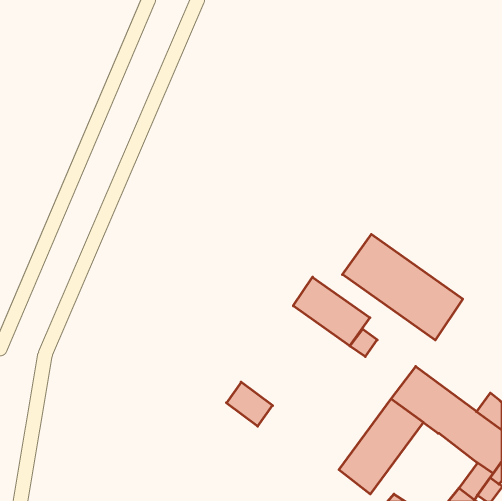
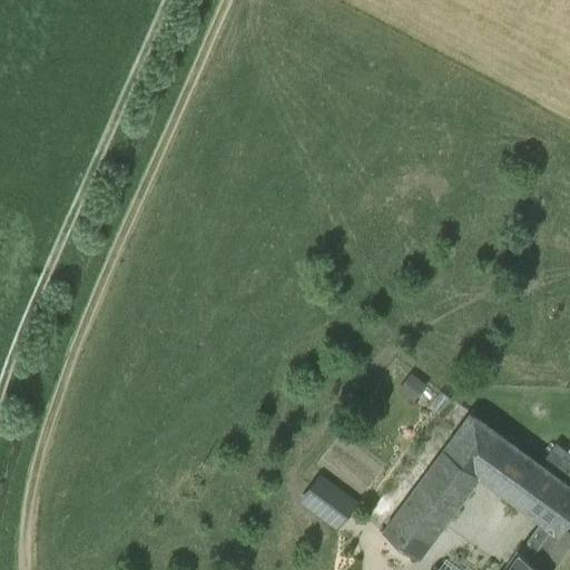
building: [342,234,463,340] -> none
building: [293,277,370,346] -> none
building: [226,382,273,426] -> [303,478,355,528]

